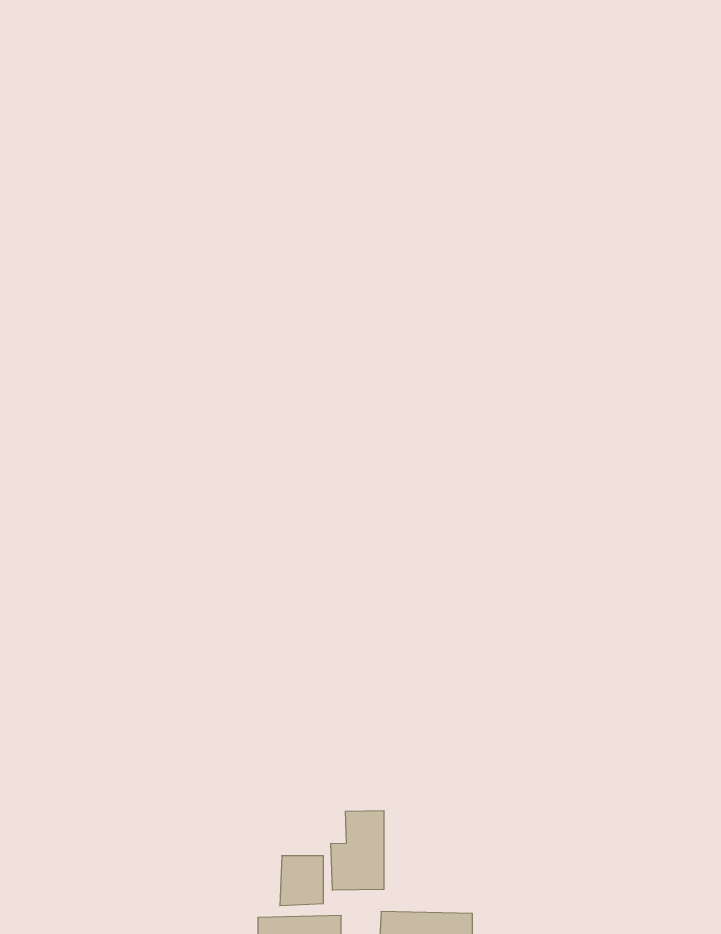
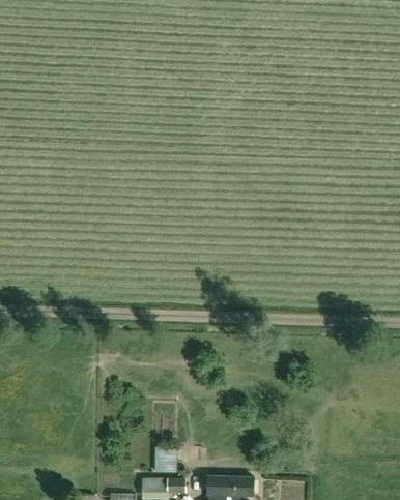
building: [331,811,384,890] -> none

